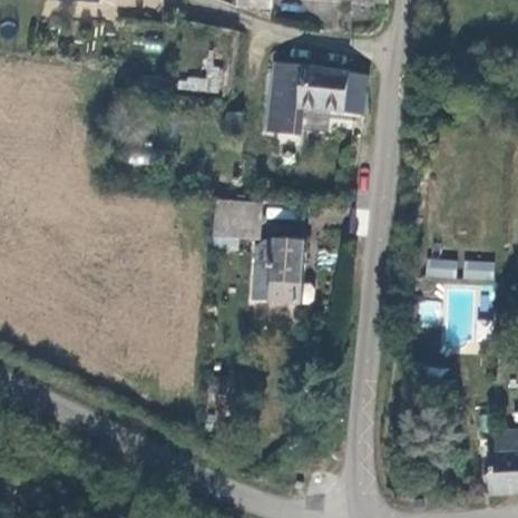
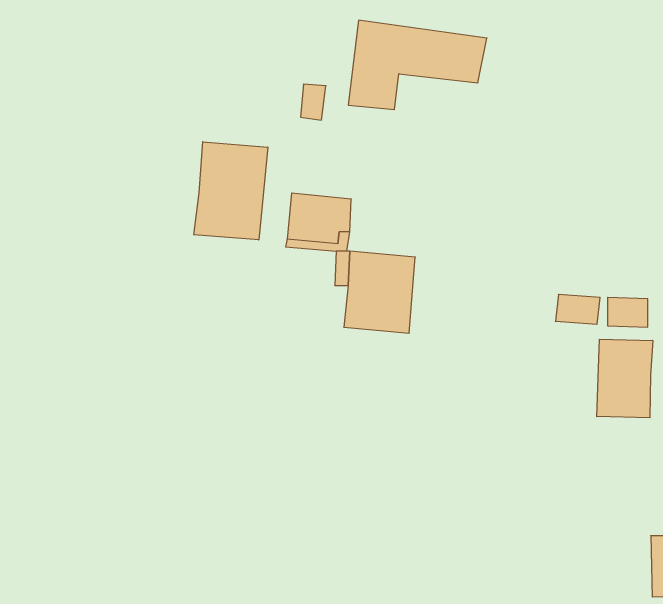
building: none -> [194,142,268,240]
building: none -> [597,339,653,418]

